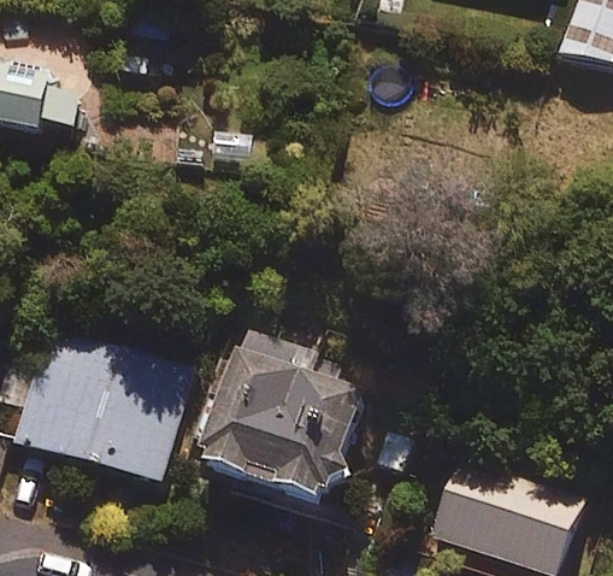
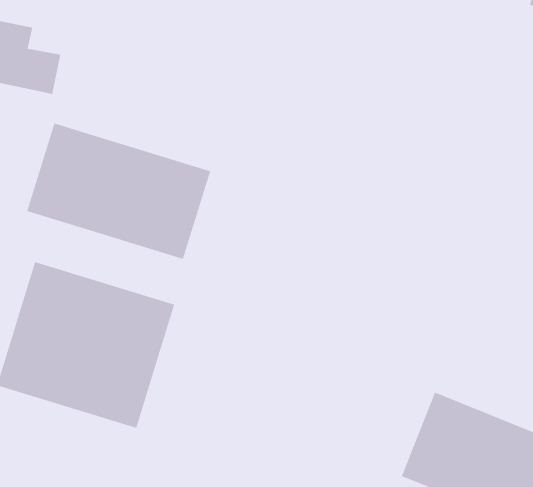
building: none -> [26,123,211,260]
building: [193,354,366,519] -> none

